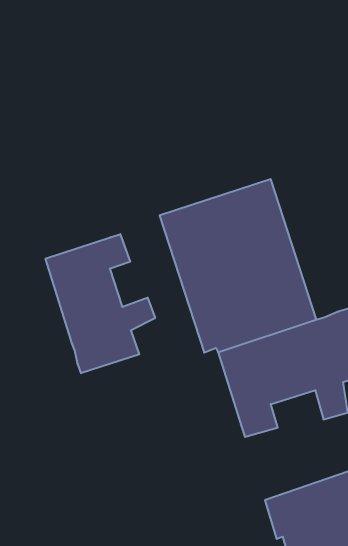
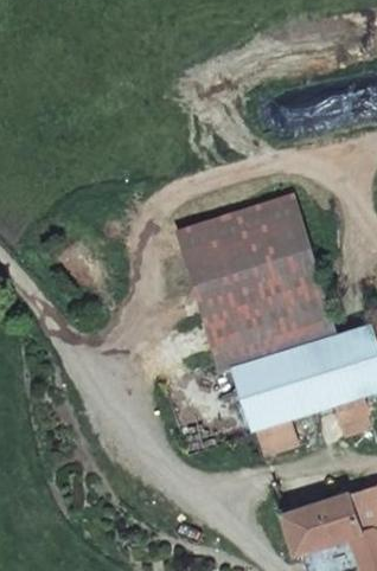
building: [46,234,155,373] -> none

